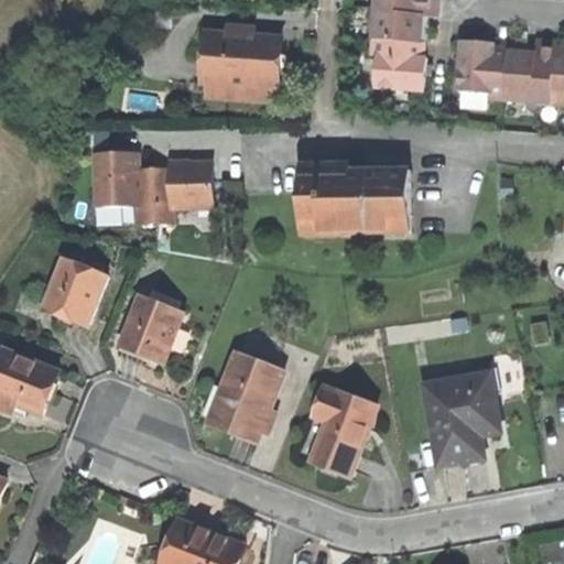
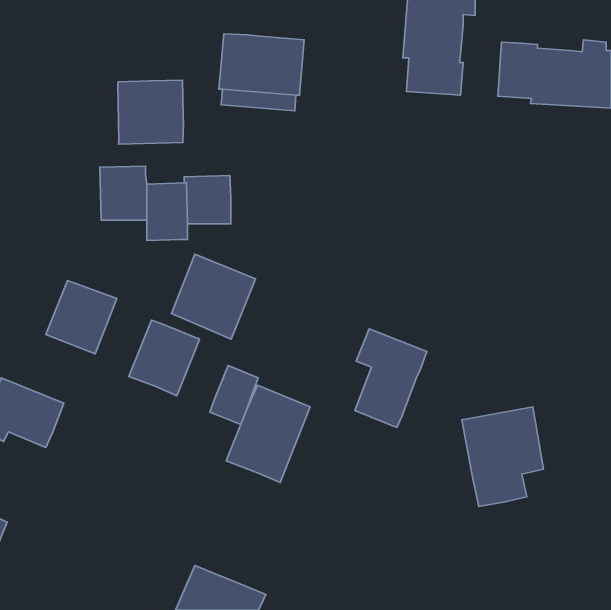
building: none -> [118,80,184,144]
building: [299,163,411,234] -> none
building: none -> [171,254,256,339]
building: none -> [210,366,258,425]
building: [308,386,375,476] -> [355,329,427,427]

